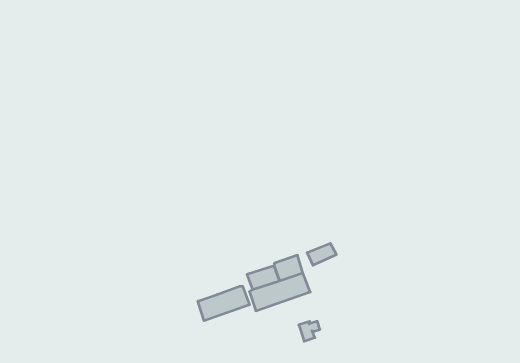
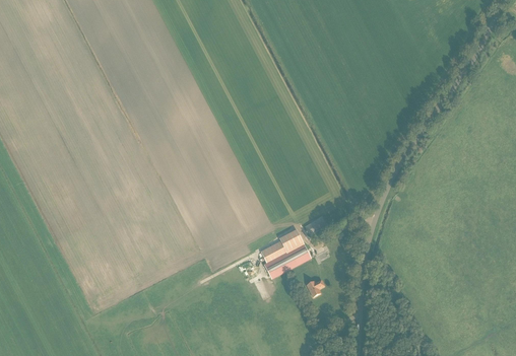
building: [198,286,249,321] -> none

